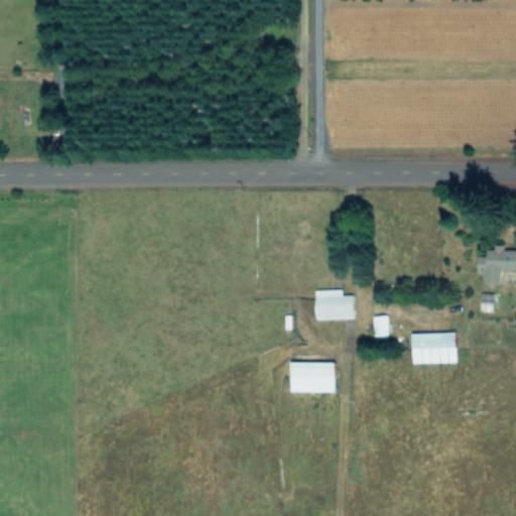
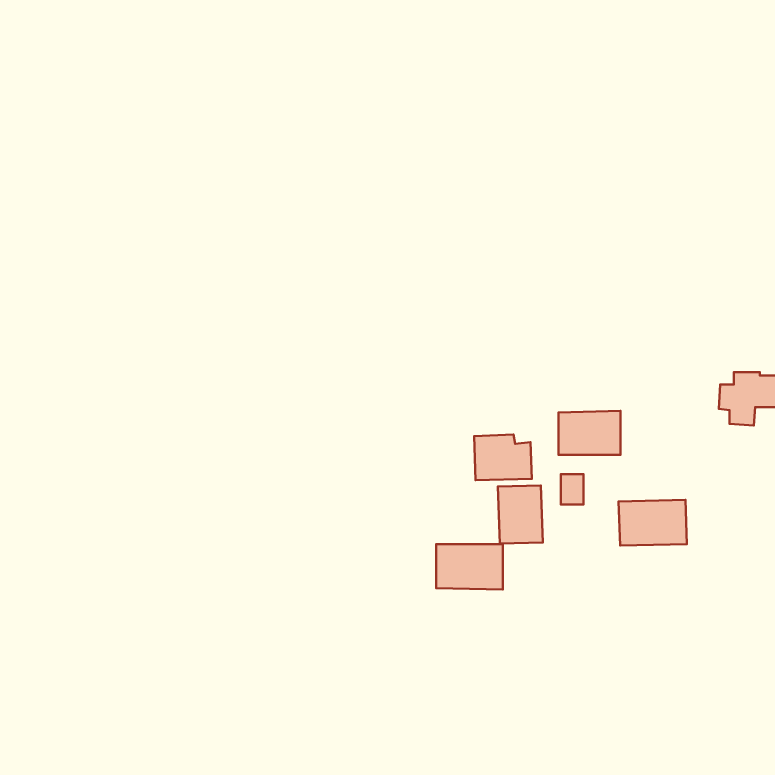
building: none -> [558,411,620,455]
building: none -> [498,486,543,544]

